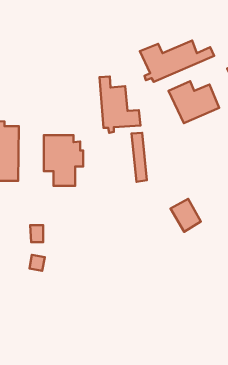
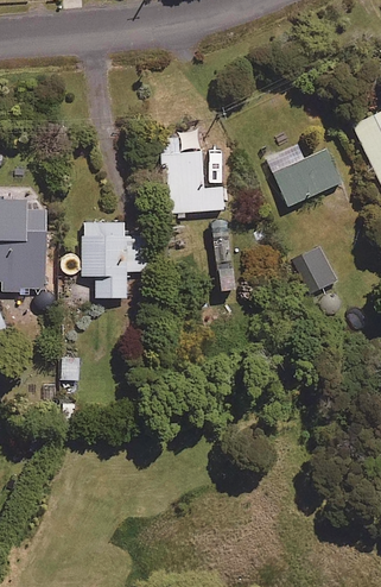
building: [140,41,214,82] -> none
building: [170,199,201,232] -> [291,245,336,294]

